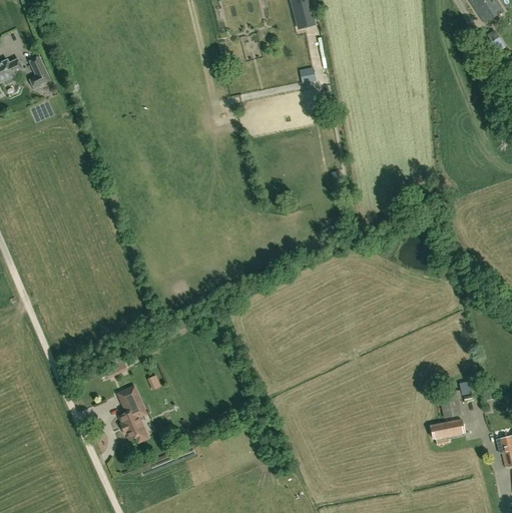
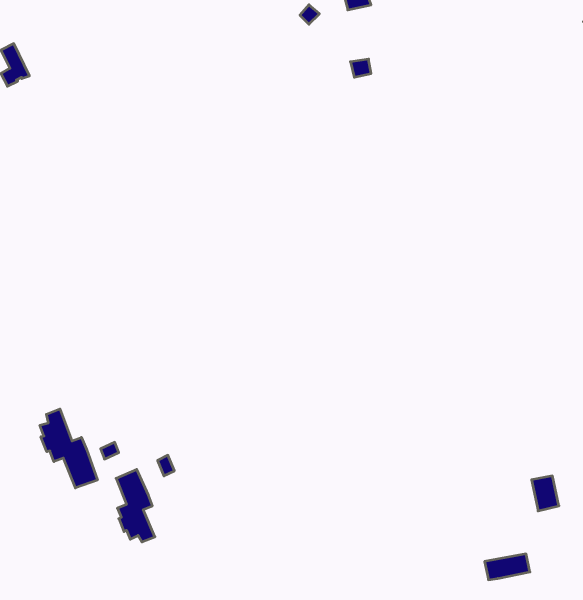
building: none -> [40,409,97,488]
building: [430,417,465,437] -> [485,554,530,580]

